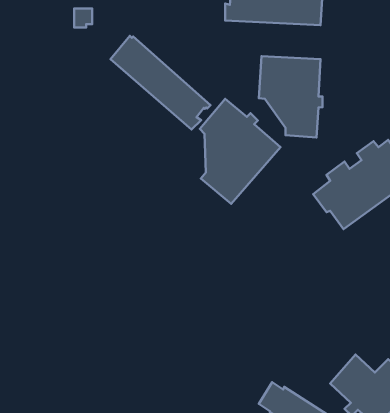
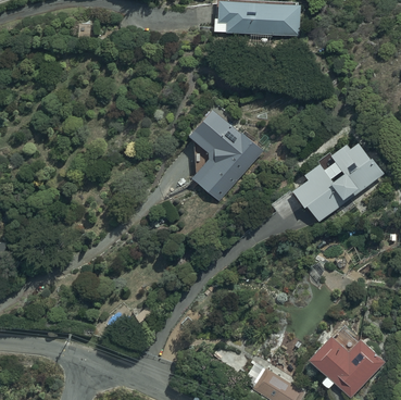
building: [110,36,211,130] -> none
building: [259,56,323,138] -> none

